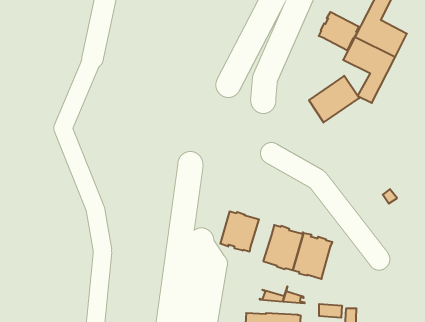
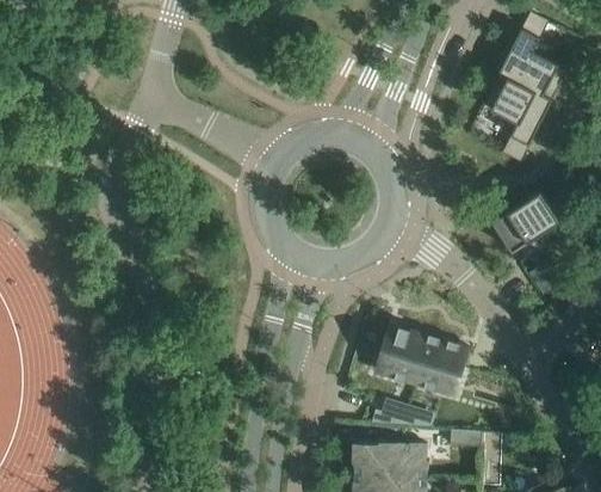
building: [319,12,359,50] -> none
building: [309,76,359,123] -> [492,190,559,252]
building: [220,211,259,252] -> none

